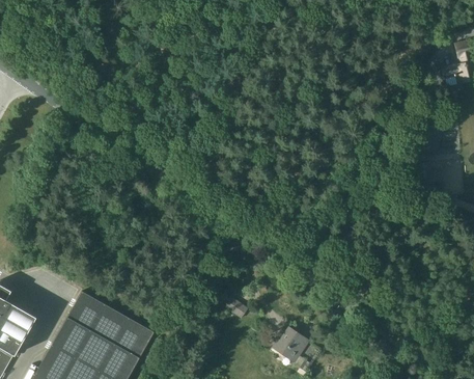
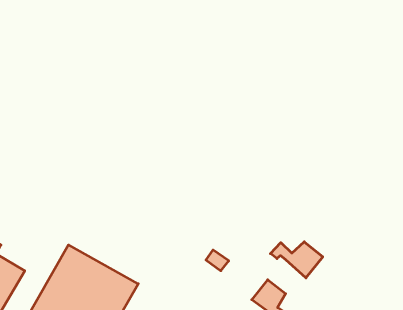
building: none -> [270,242,323,278]

